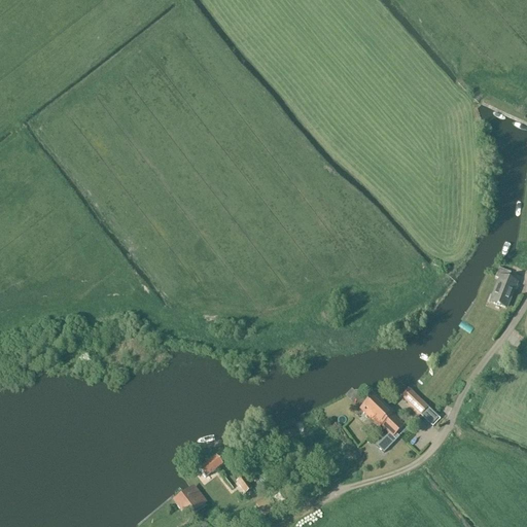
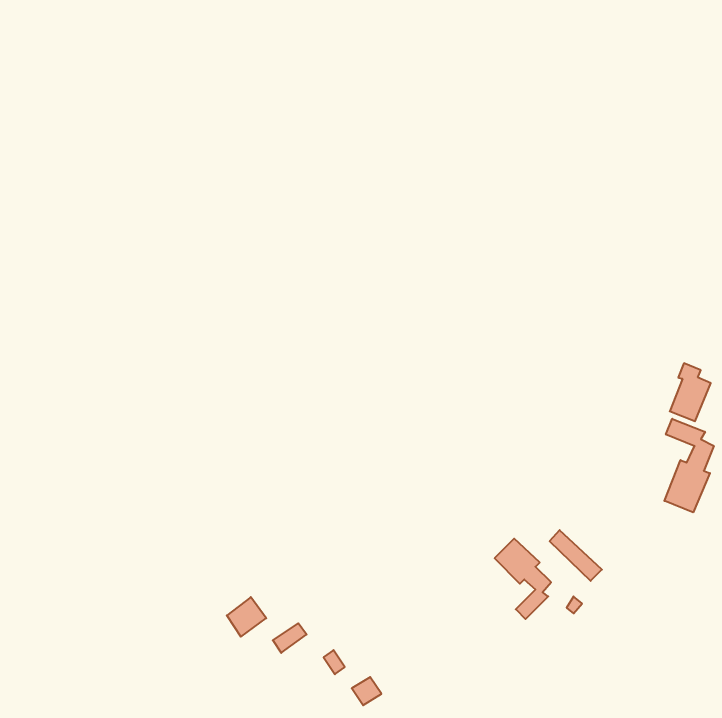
building: none -> [664,419,714,512]
building: [177,484,206,513] -> [227,597,266,637]

